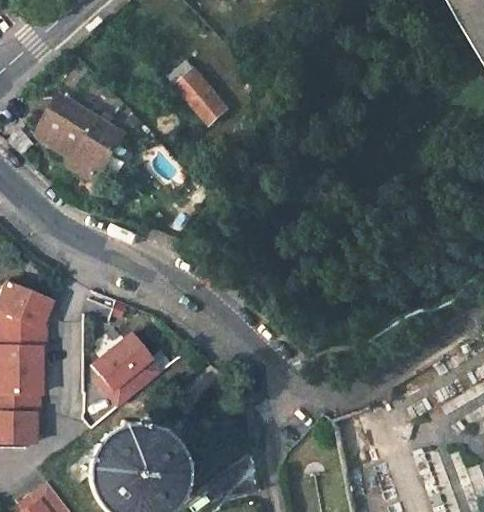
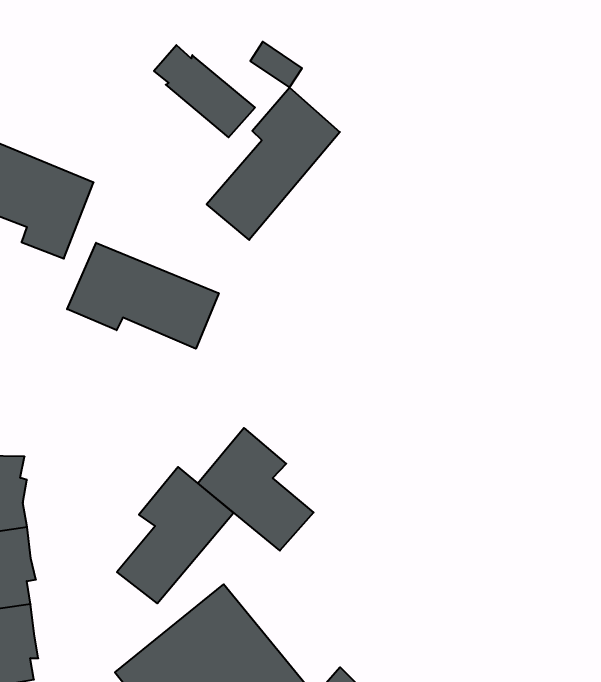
building: none -> [207,88,340,240]
building: none -> [67,243,219,349]
building: none -> [198,428,314,551]

